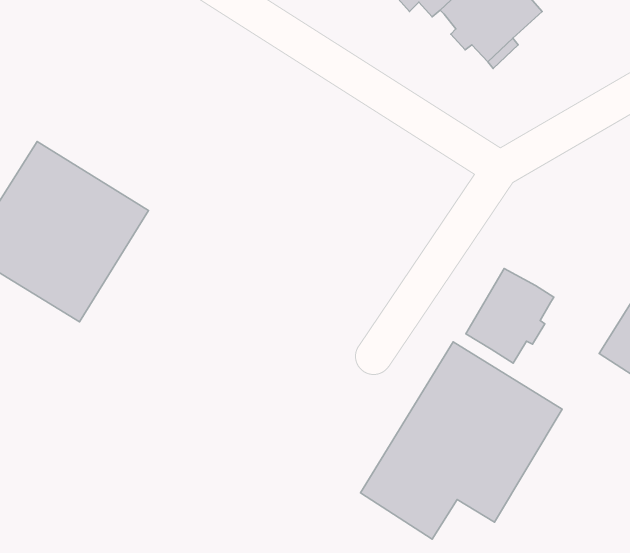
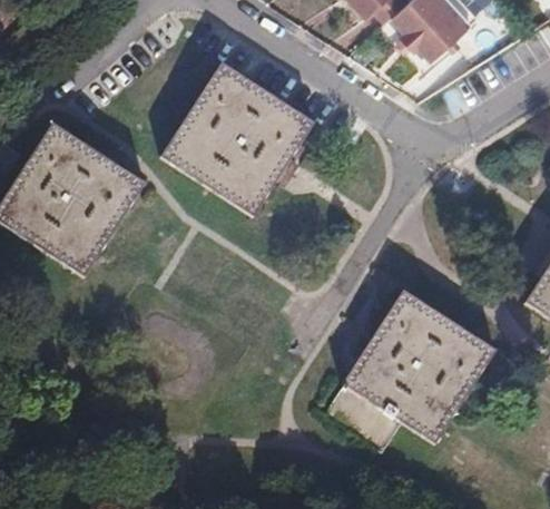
building: none -> [164,63,314,212]
building: [466,269,554,363] -> none

